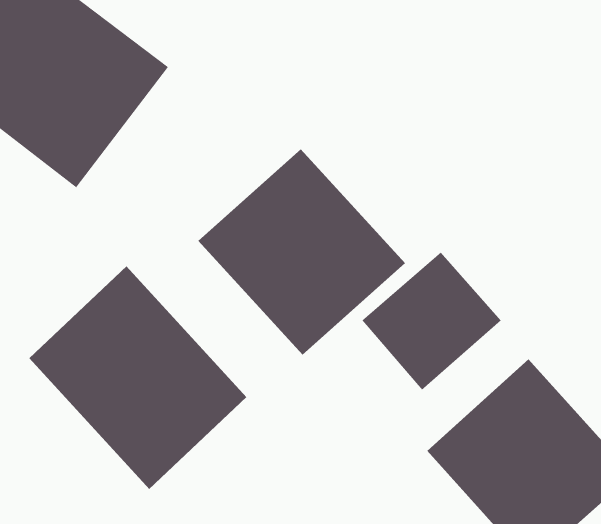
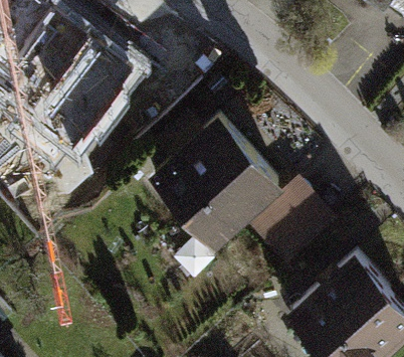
building: [29,265,247,490] -> none

